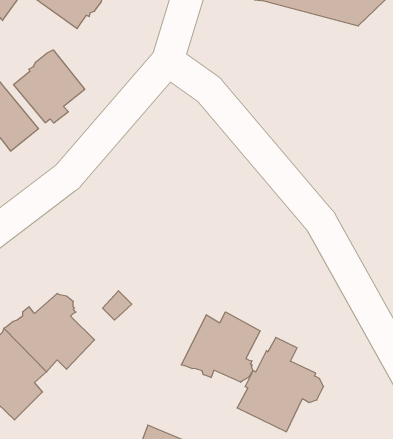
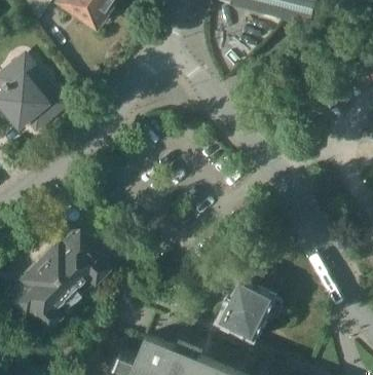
building: [14,50,85,123] -> none
building: [181,312,260,382] -> none

